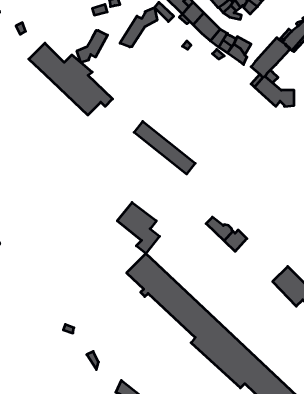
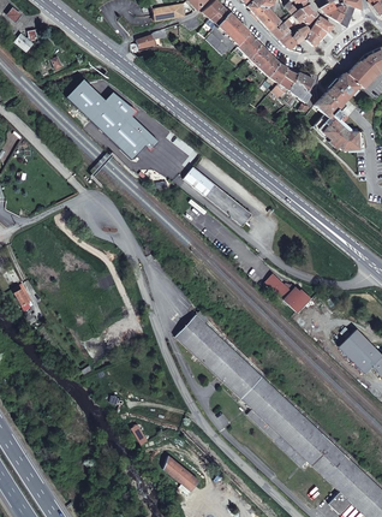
building: [120,8,157,47] -> none
building: [77,30,108,62] -> none
building: [117,202,160,254] -> none

